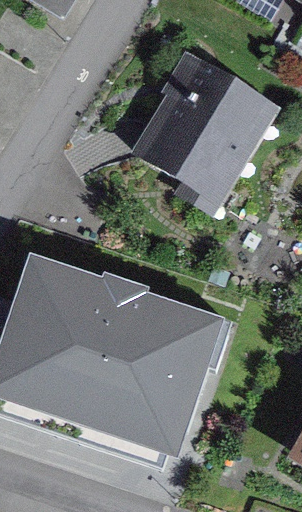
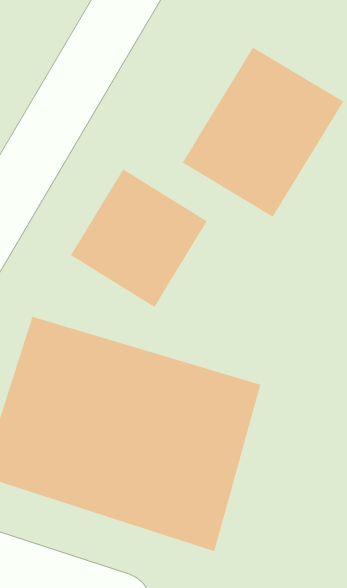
building: none -> [70,169,208,308]

